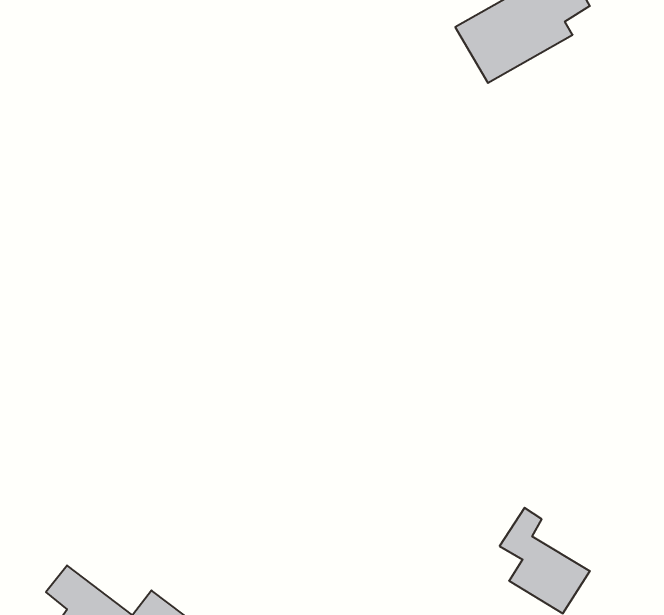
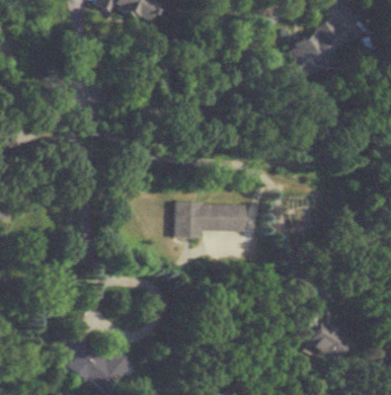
building: none -> [177,203,247,238]

